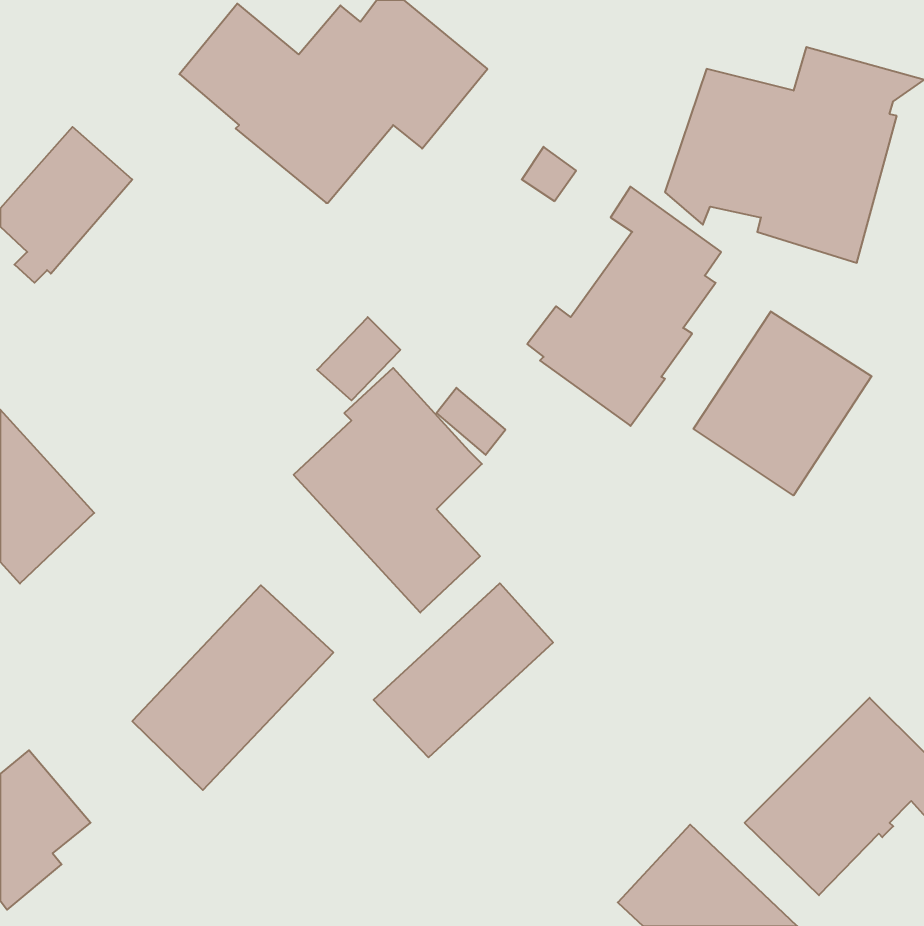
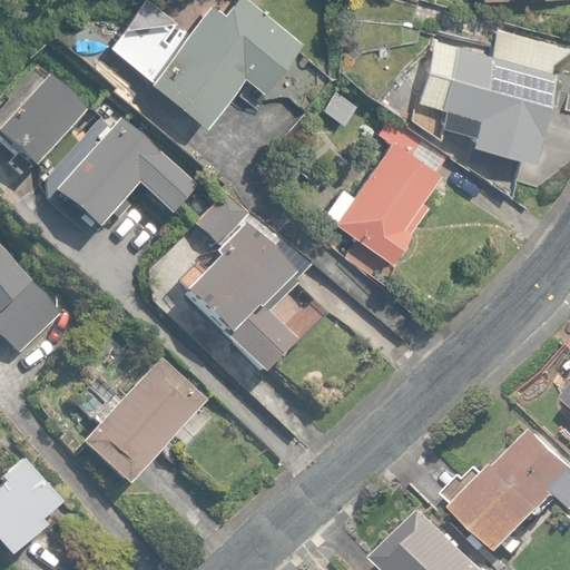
building: none -> [55,119,197,230]
building: [694,311,872,495] -> none
building: [374,583,553,757] -> none

